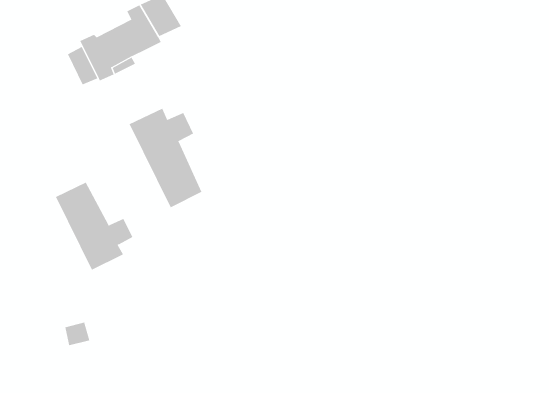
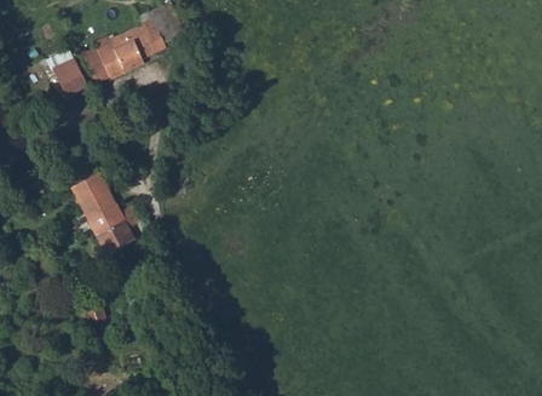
building: none -> [53,58,87,94]
building: [129,108,202,208] -> none

